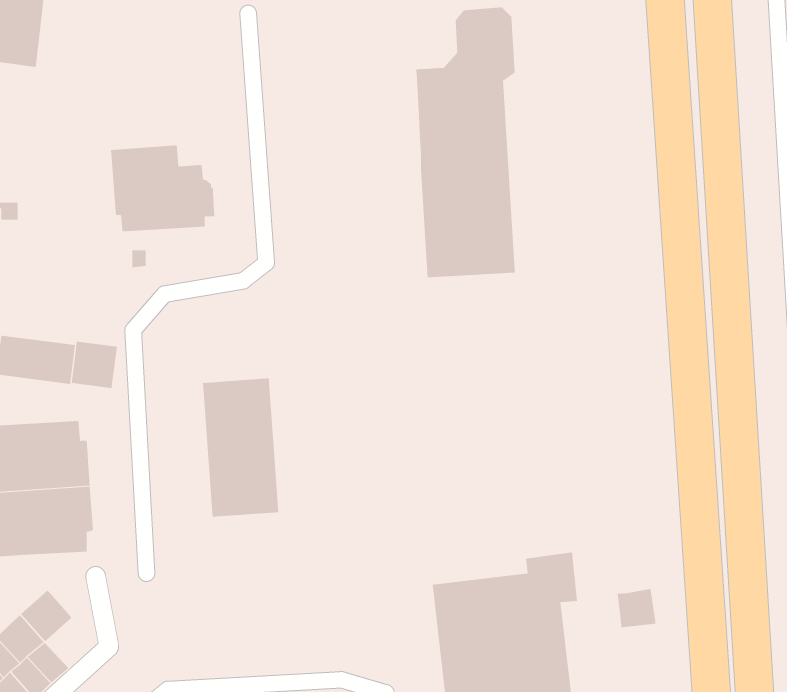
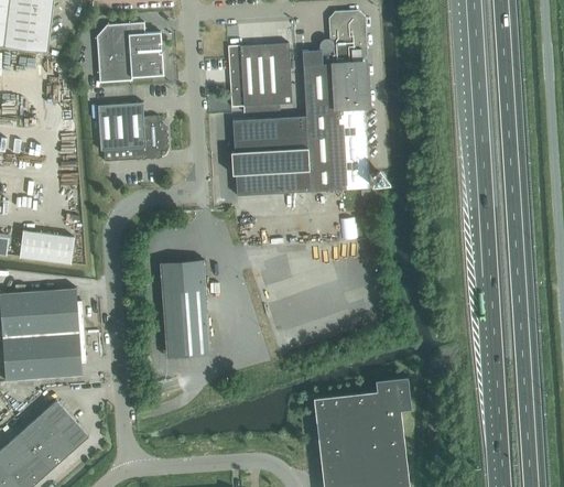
building: none -> [96,22,163,83]
building: none -> [228,43,292,112]
building: none -> [230,116,310,196]
building: [71,341,118,389] -> none
building: [617,588,656,628] -> none
building: none -> [53,420,87,454]

